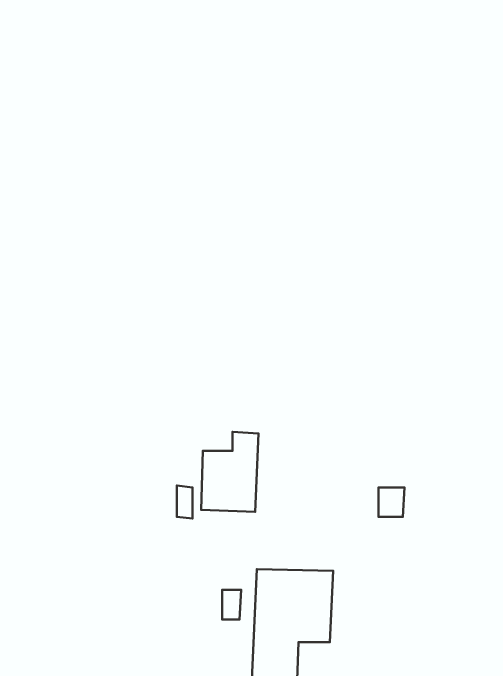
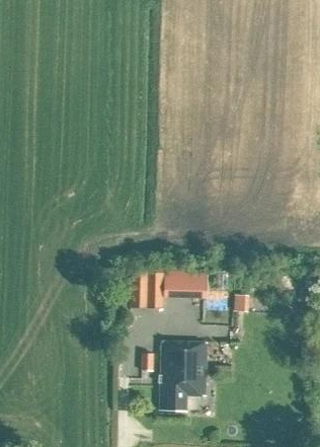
building: none -> [180,270,206,297]

